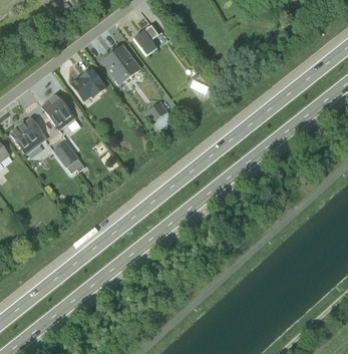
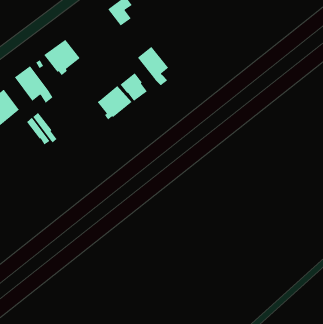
building: [100,43,140,84] -> none
building: none -> [137,46,169,86]
building: none -> [96,85,132,121]

